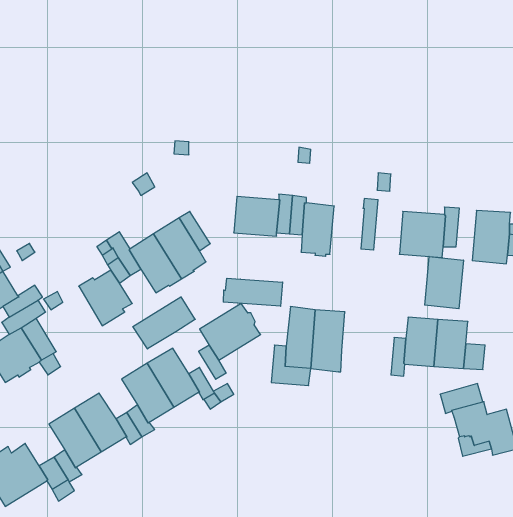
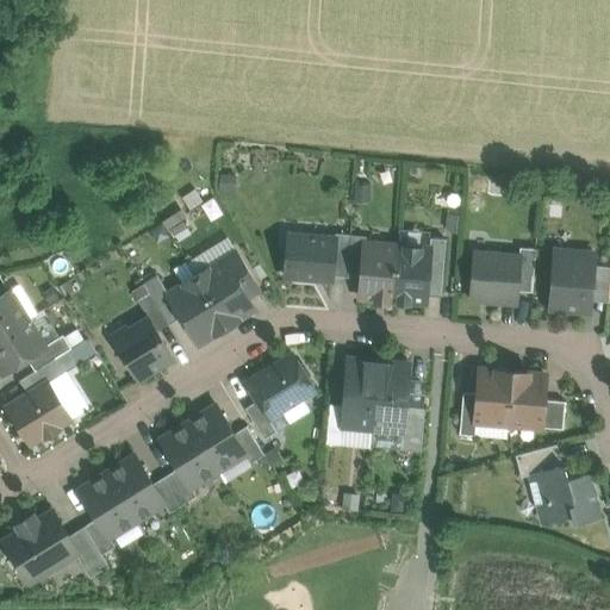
building: none -> [391,247,429,305]
building: [425,256,463,309] -> none
building: [223,278,283,306] -> none
building: [133,297,195,349] -> none
building: none -> [399,407,423,452]

